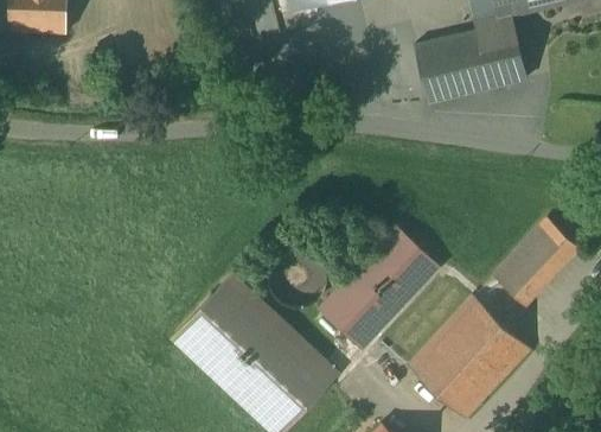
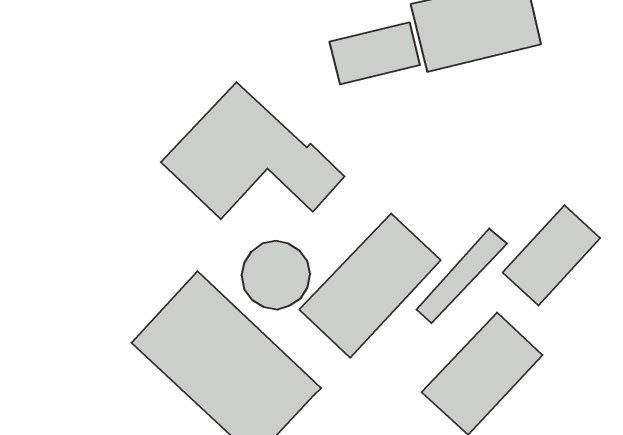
building: none -> [330,22,420,84]
building: none -> [161,82,345,219]
building: [411,297,490,379] -> [416,228,507,323]

